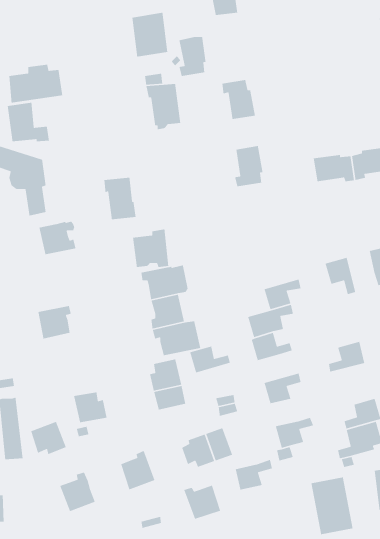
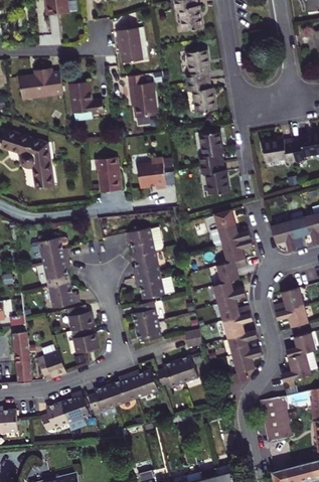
building: [179,36,207,77] -> [187,50,209,83]
building: [7,102,50,142] -> [69,81,104,113]
building: none -> [201,162,228,194]
building: [38,221,76,255] -> [38,236,68,264]
building: [132,228,169,268] -> [137,157,166,188]
building: none -> [210,209,251,248]
building: none -> [289,215,310,249]
building: none -> [47,281,77,308]
building: [189,345,231,373] -> [217,298,251,320]
building: none -> [66,305,94,330]
building: none -> [275,305,308,327]
building: [235,459,273,491] -> [227,329,258,354]
building: none -> [88,384,117,418]
building: [183,484,221,520] -> [128,369,158,397]
building: none -> [41,401,68,431]

